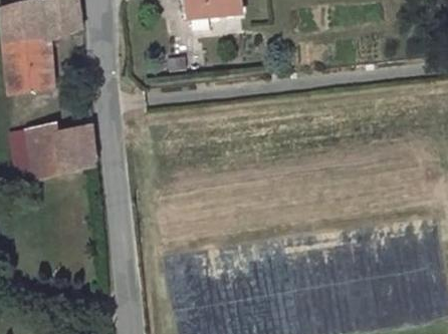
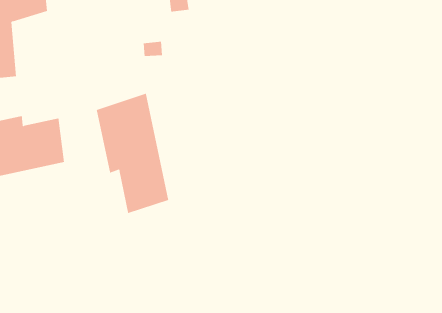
building: none -> [96,93,169,214]

